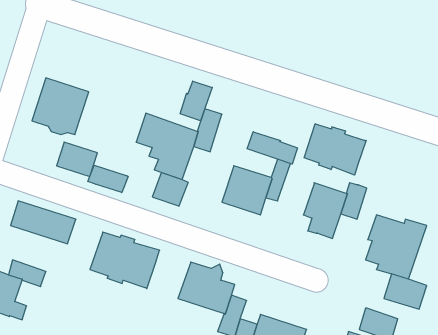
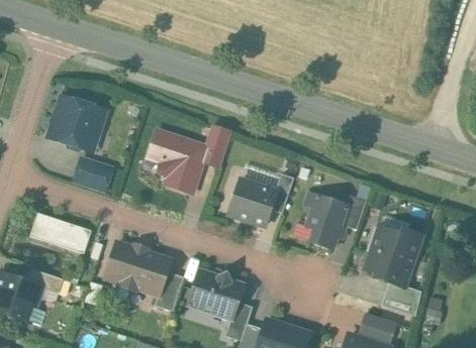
building: [180,81,212,121] -> none
building: [304,124,366,175] -> none
building: [247,132,297,164] -> none
building: [88,165,128,193] -> none
building: [152,173,188,206] -> none
building: none -> [154,271,183,312]

